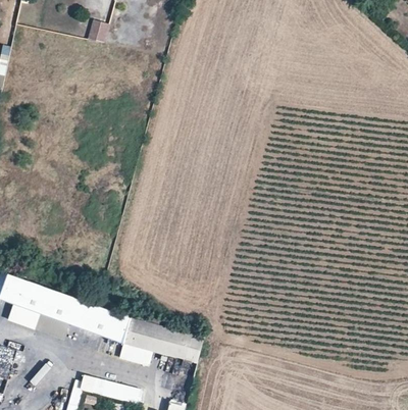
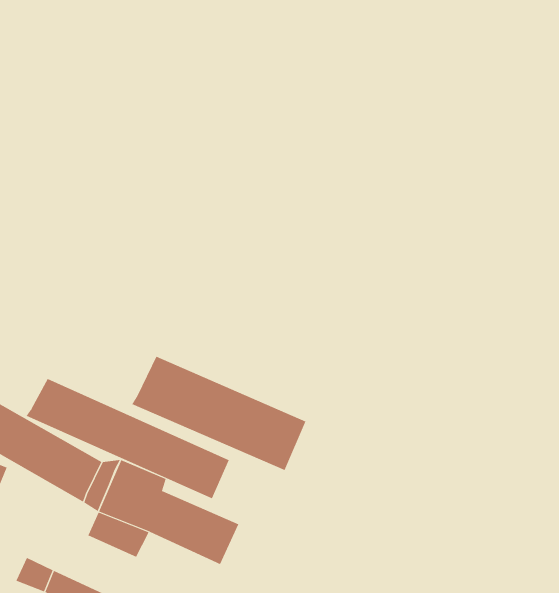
building: none -> [132,356,306,471]
building: none -> [26,378,230,499]

